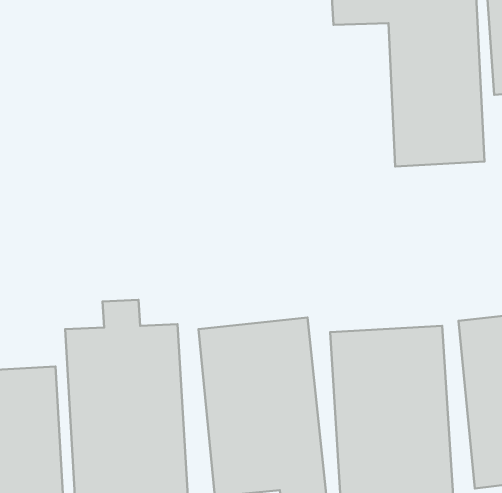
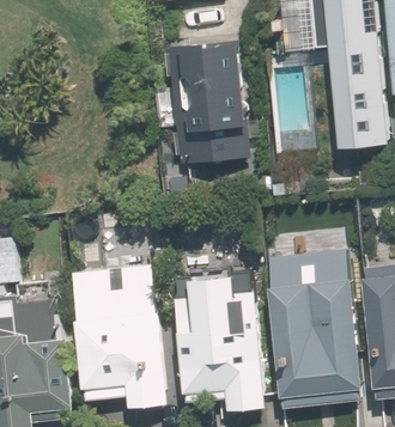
building: none -> [163,41,253,177]

